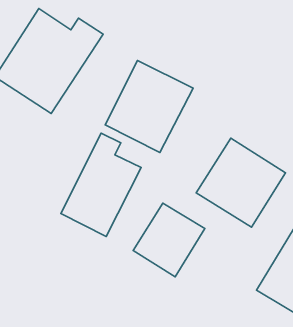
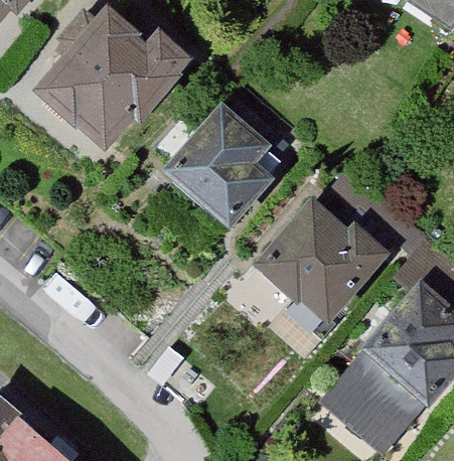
building: [61,133,141,236] -> none
building: [133,203,205,277] -> none

